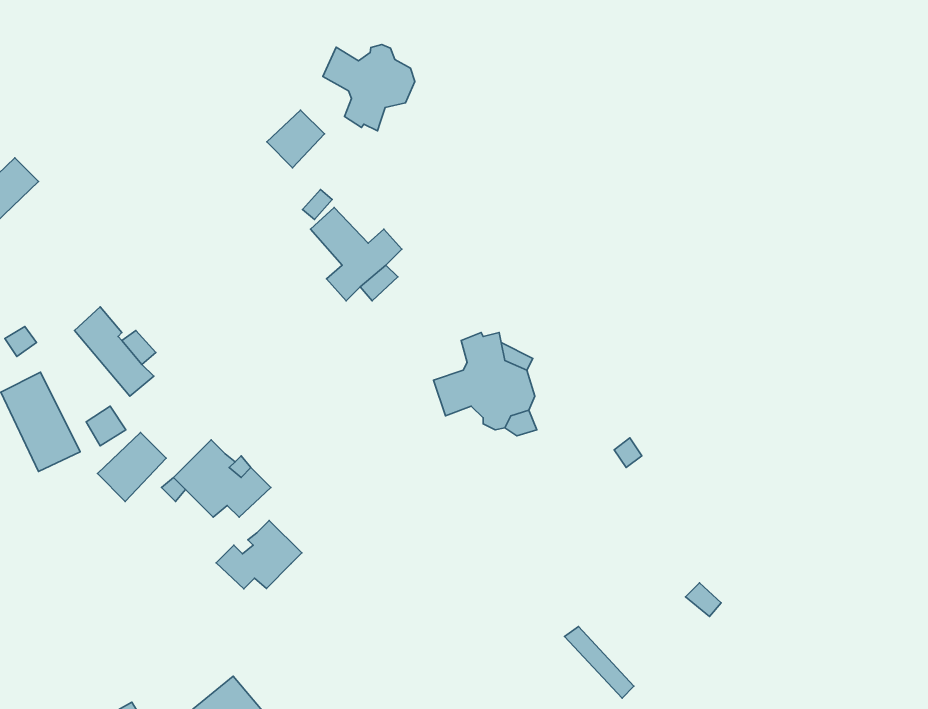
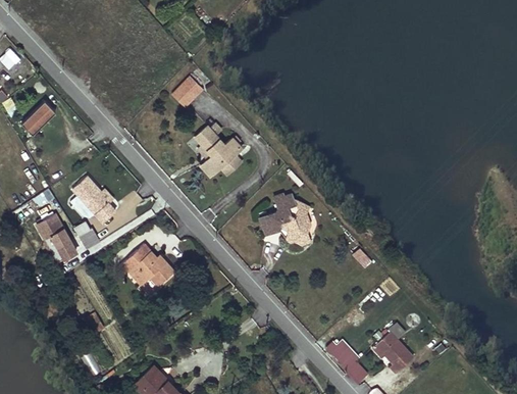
building: [323,44,415,131] -> none
building: [97,432,166,501] -> none
building: [216,520,302,589] -> none
building: none -> [372,335,414,377]

